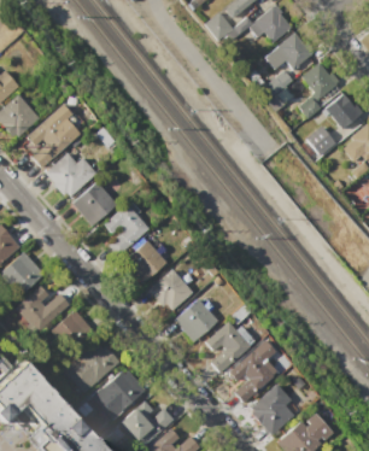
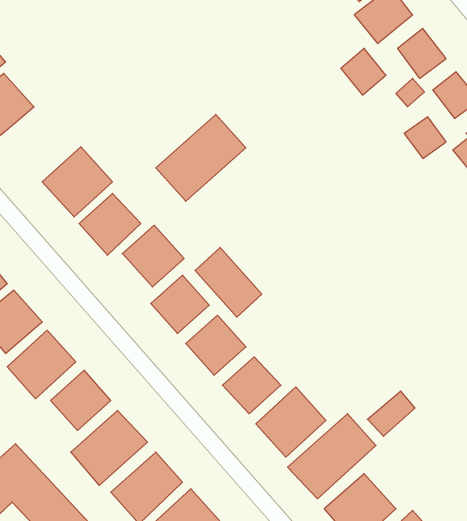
building: [20,104,86,166] -> [156,114,246,201]
building: none -> [195,247,262,317]
building: none -> [367,391,415,436]

